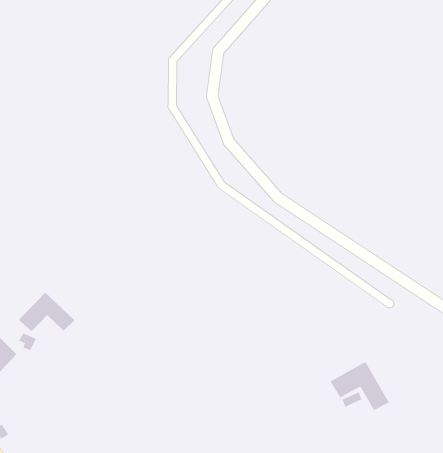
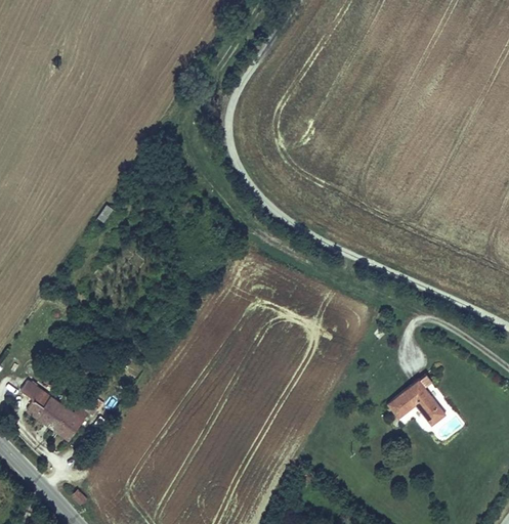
building: [18,292,75,332] -> none

